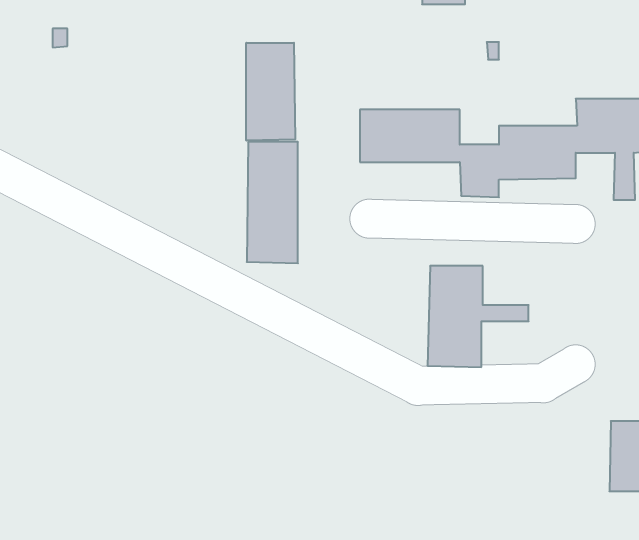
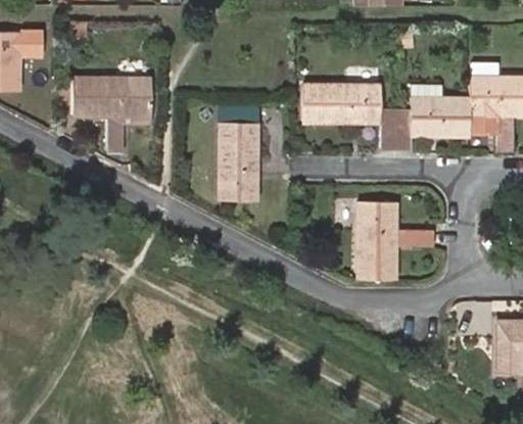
building: [246,43,295,141] -> none
building: none -> [74,76,150,152]

